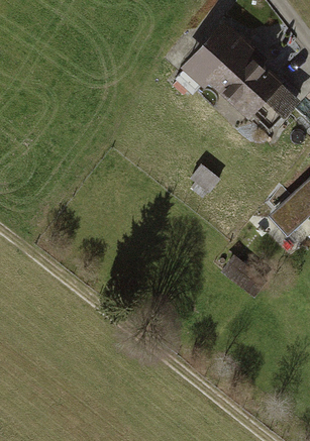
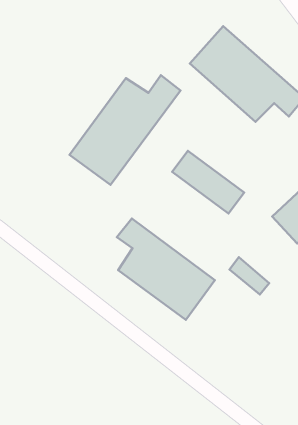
building: none -> [70,75,180,185]
building: none -> [117,218,215,320]

